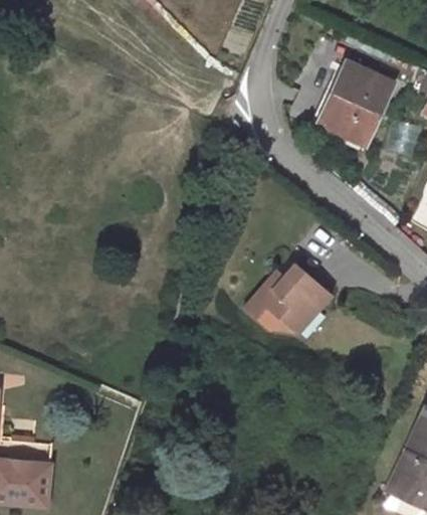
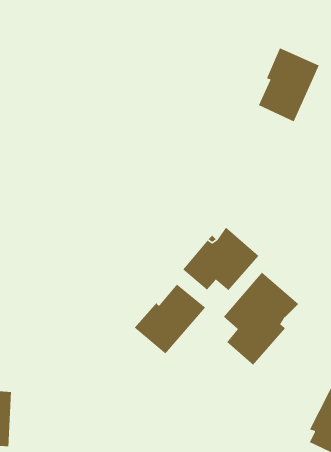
building: none -> [223,272,299,366]
building: none -> [134,283,206,355]

